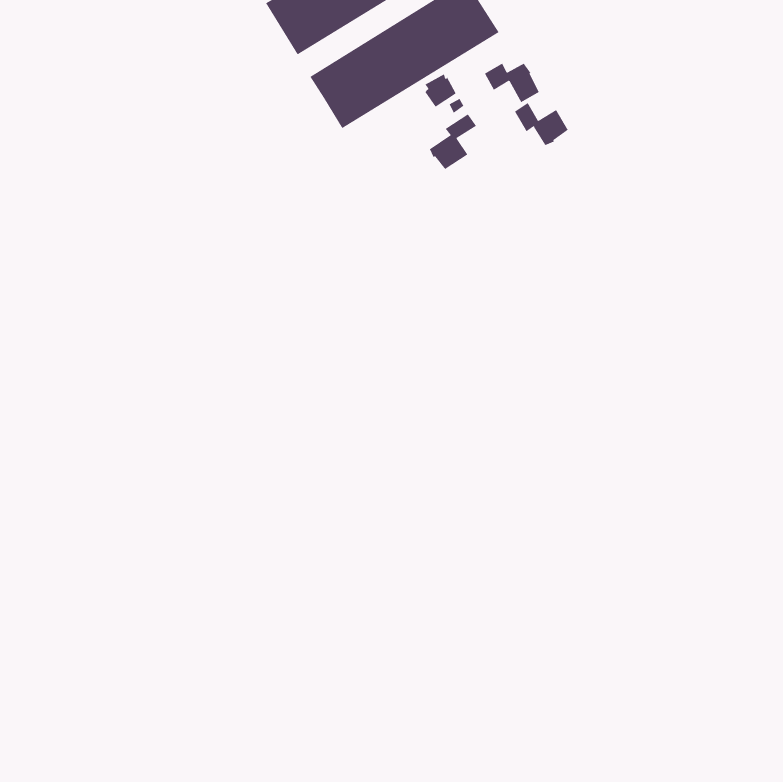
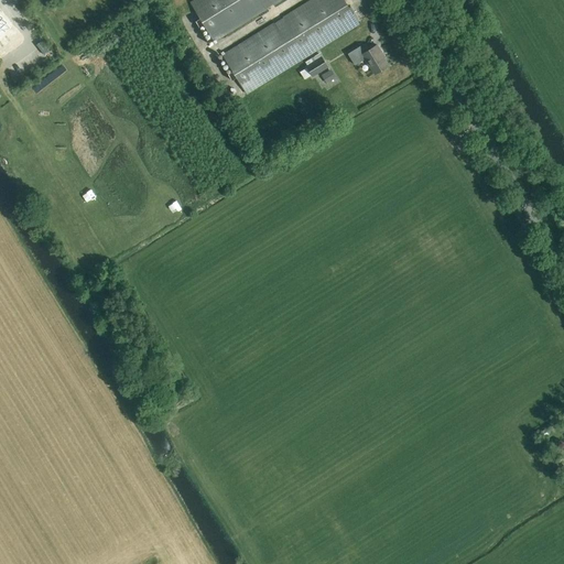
building: [514,102,568,146] -> none
building: [429,114,477,170] -> none

